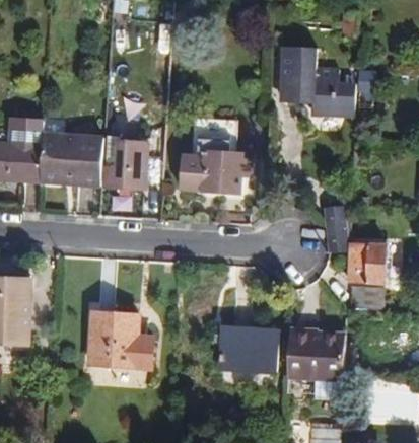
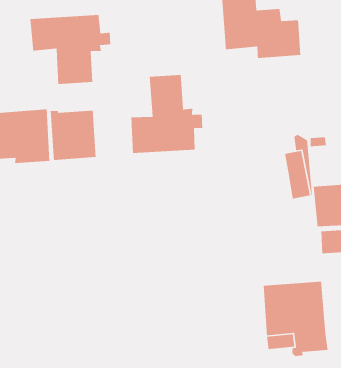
building: none -> [30,14,111,85]
building: [87,312,152,369] -> none
building: [219,327,276,371] -> none

